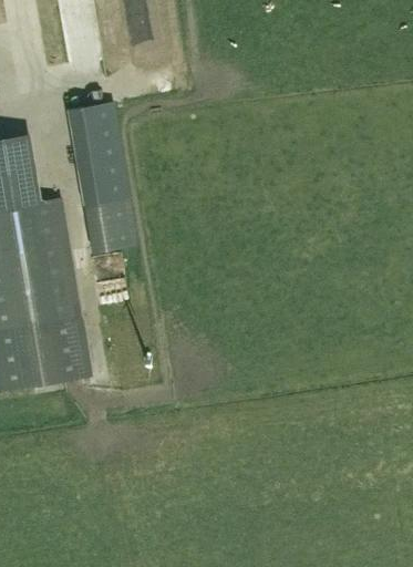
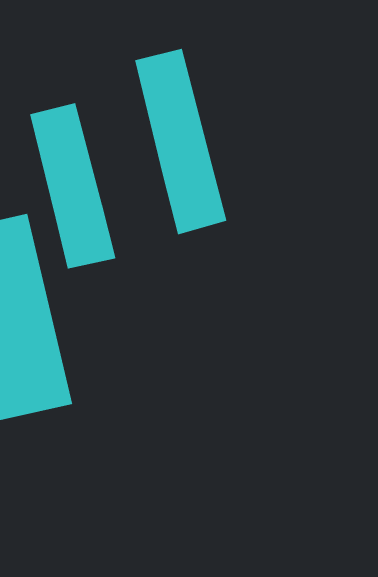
building: none -> [134,48,228,236]

